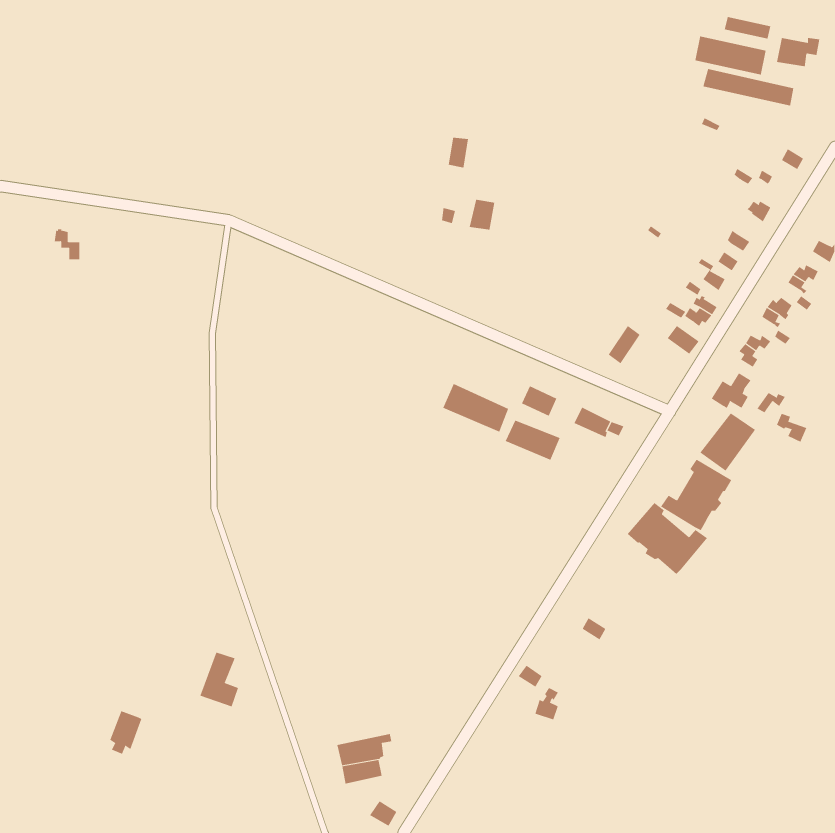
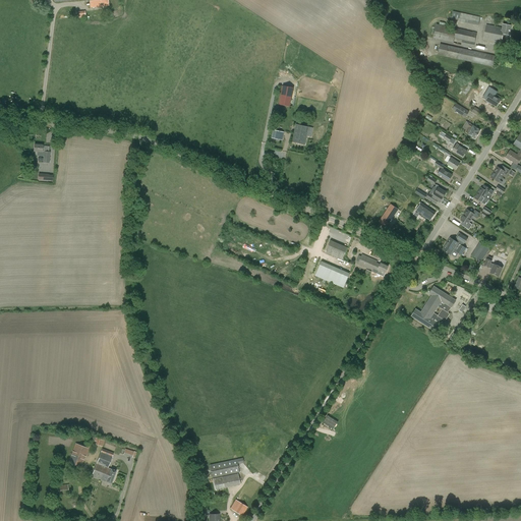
building: [443,383,509,433] -> none
building: [700,412,756,472] -> none
building: [627,502,708,575] -> none
building: [200,652,239,707] -> [92,448,116,482]

